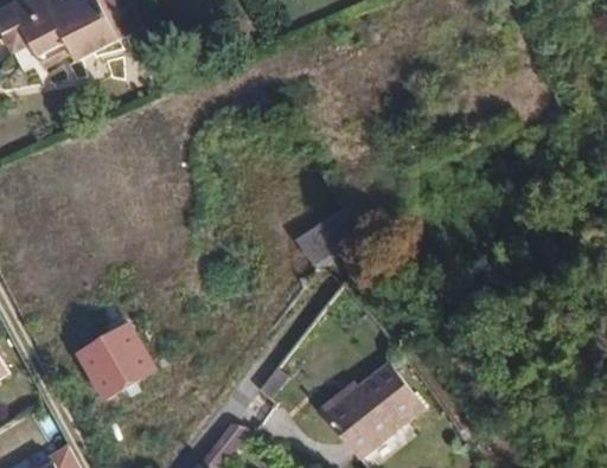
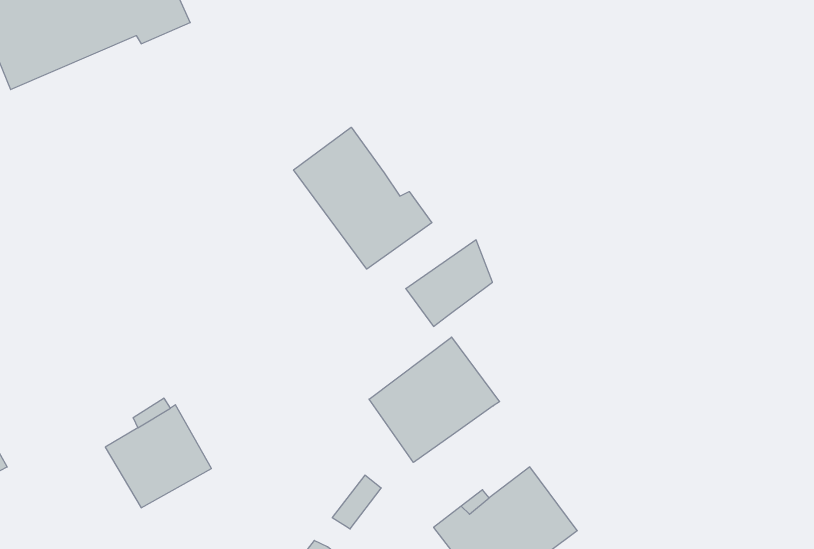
building: none -> [294,127,432,269]
building: none -> [369,337,500,462]

